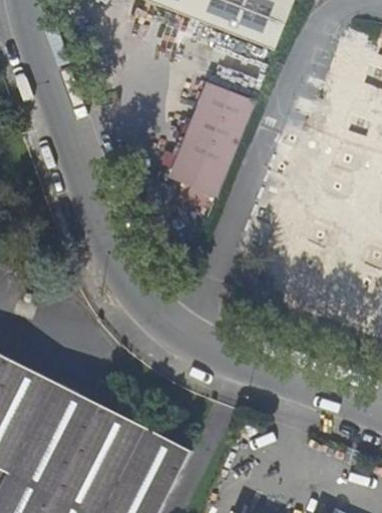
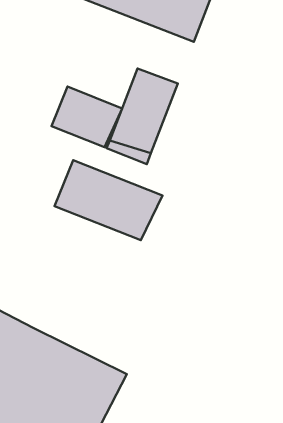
building: none -> [51,87,122,147]
building: none -> [54,160,163,240]

